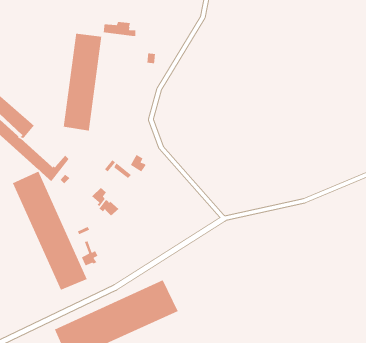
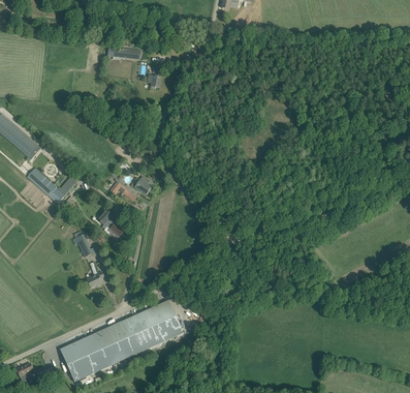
building: [63,33,102,131] -> none
building: [12,171,88,291] -> none

